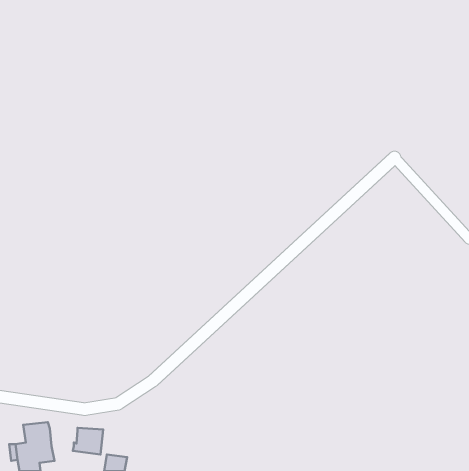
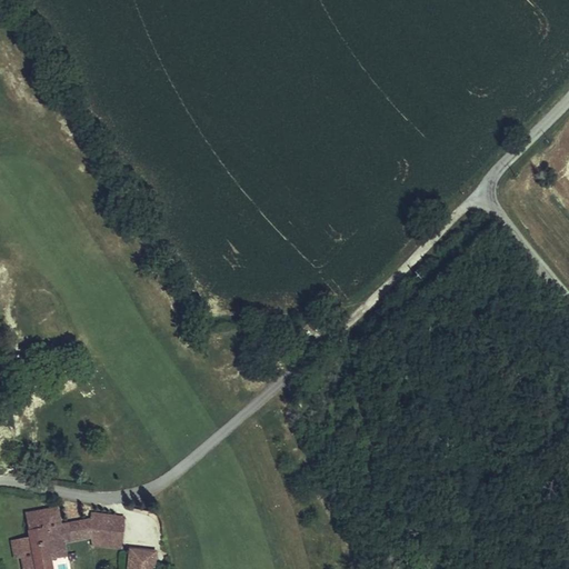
building: none -> [60,517,93,540]

